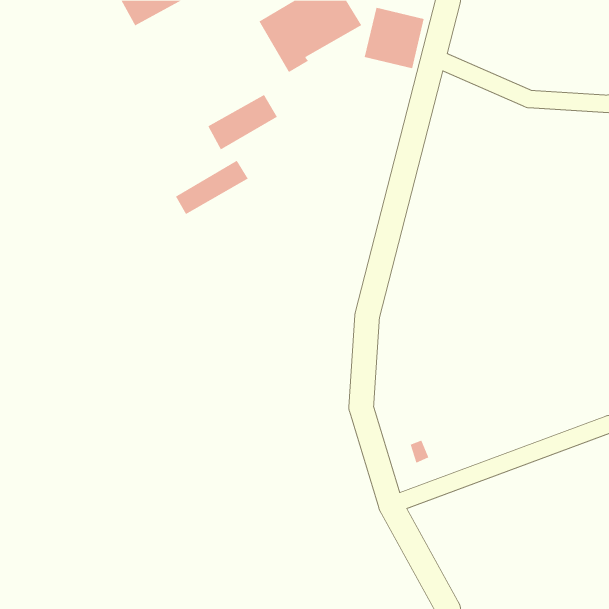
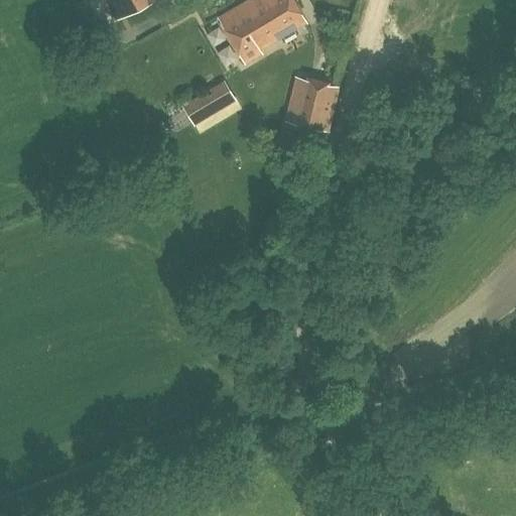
building: [364,7,425,69] -> [286,78,338,130]
building: [175,160,248,215] -> none

